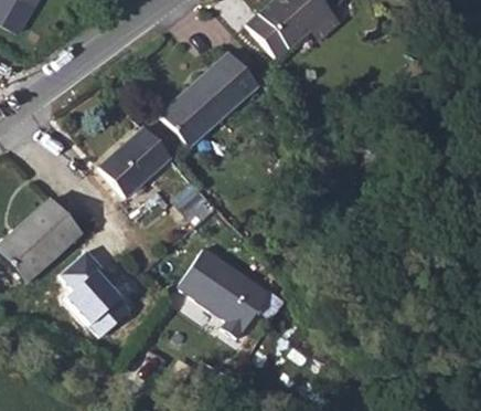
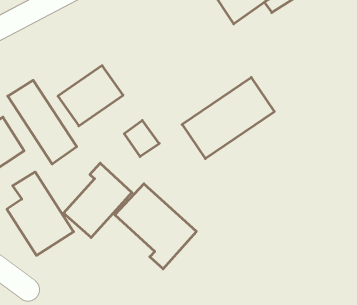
building: [161,53,259,149] -> [182,77,274,159]
building: none -> [8,80,77,164]
building: none -> [63,163,132,238]

